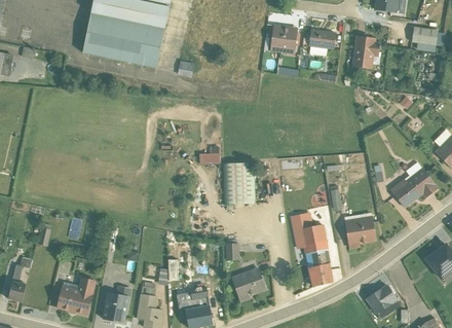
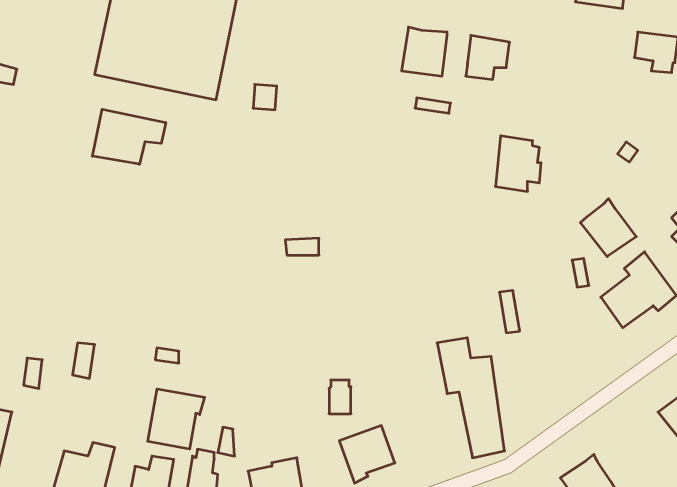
building: [352,35,380,69] -> [495,136,541,191]
building: none -> [92,109,166,164]
building: none -> [580,199,636,257]
building: [223,162,254,205] -> none
building: [345,215,375,247] -> none
building: none -> [148,389,205,449]

